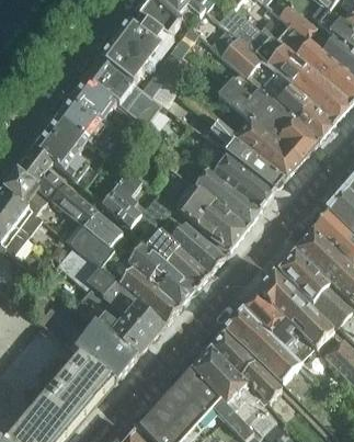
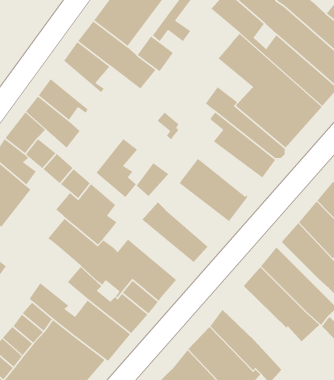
building: [58,97,106,143] -> none
building: [194,169,260,226] -> none
building: [168,223,222,273] -> none
building: [122,243,194,305] -> none
building: [226,310,297,382] -> none

